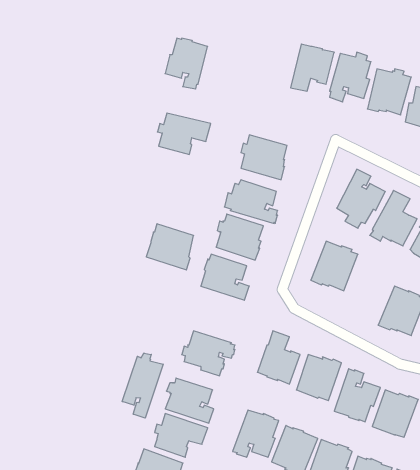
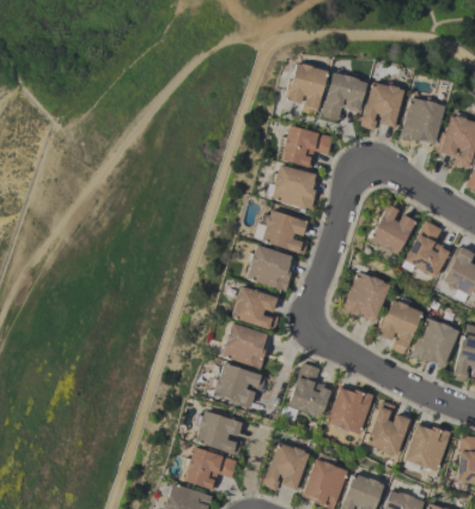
building: [165,38,208,89] -> [285,62,328,114]
building: [157,113,211,154] -> [280,126,334,168]
building: [146,224,194,270] -> [221,322,269,369]
building: none -> [377,299,422,355]
building: [122,353,163,418] -> none

